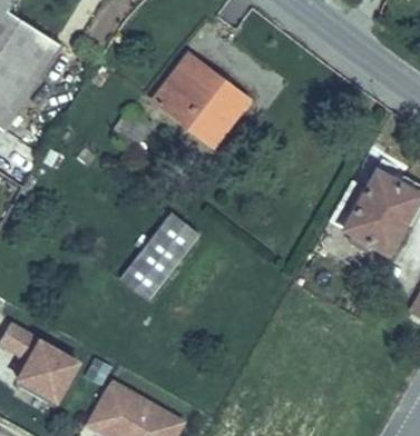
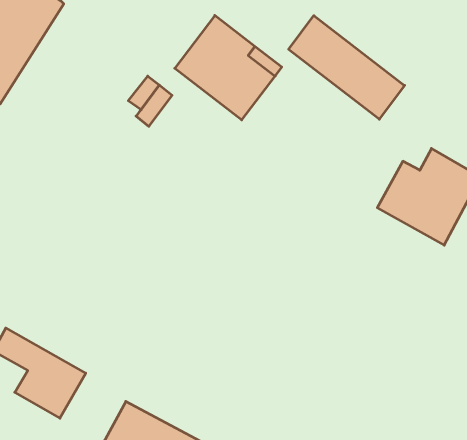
building: none -> [289,16,405,119]
building: [121,212,199,298] -> none

